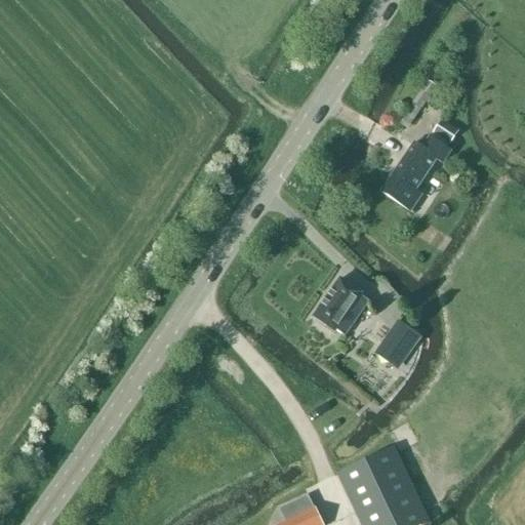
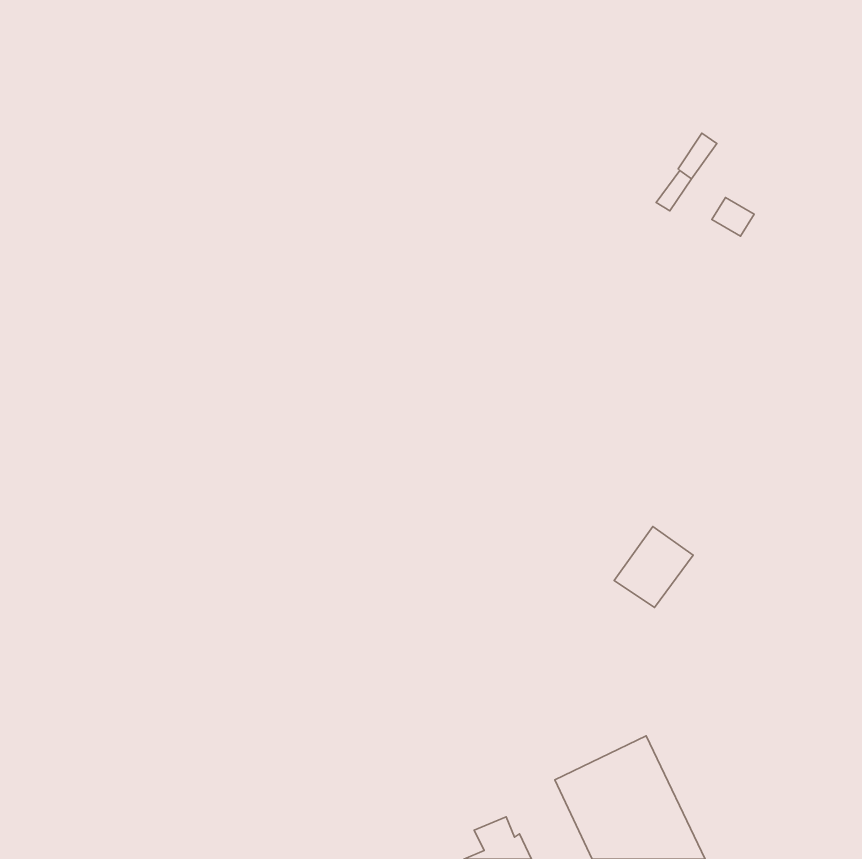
building: [380,137,450,208] -> none
building: [313,279,368,336] -> none

